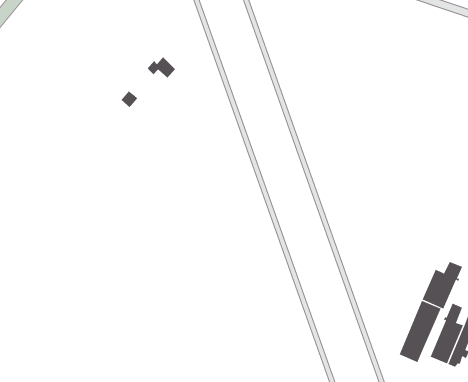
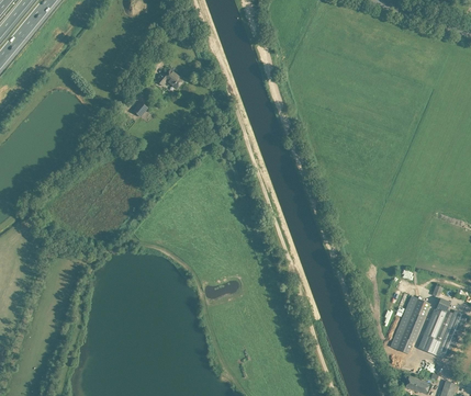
building: [422,261,463,309] -> none

